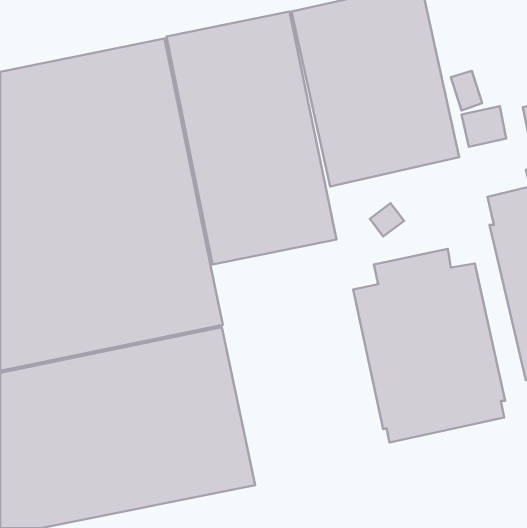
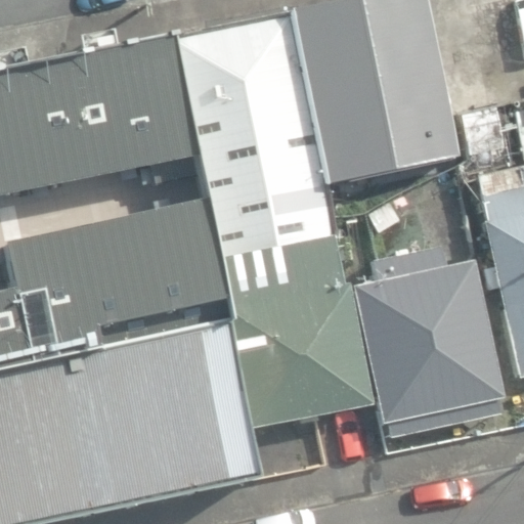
building: none -> [219,237,373,426]

